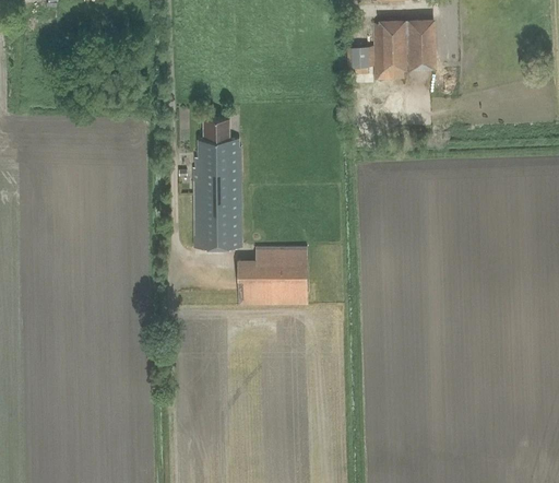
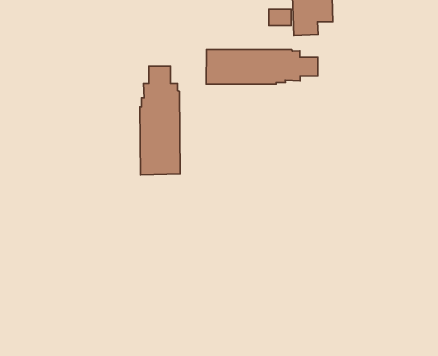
building: none -> [206,49,318,84]
building: [238,247,309,305] -> none

